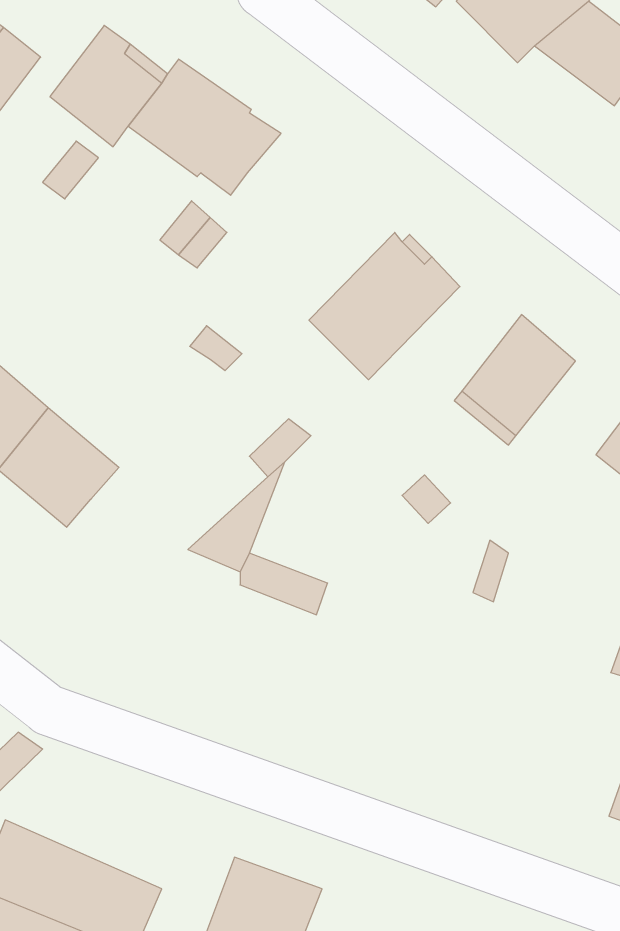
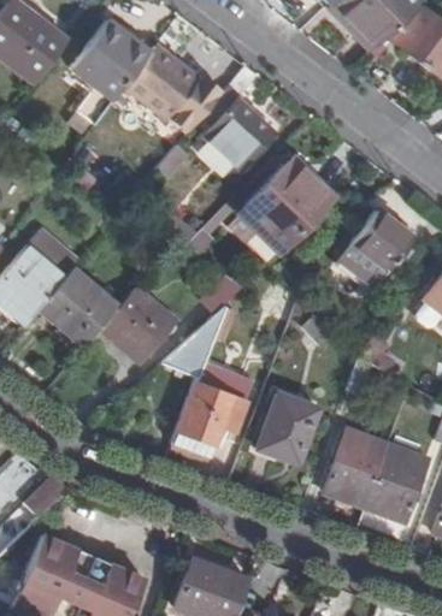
building: none -> [200,64,272,168]
building: none -> [99,286,175,363]
building: none -> [172,383,244,456]
building: none -> [258,393,316,462]
building: none -> [325,430,426,520]

